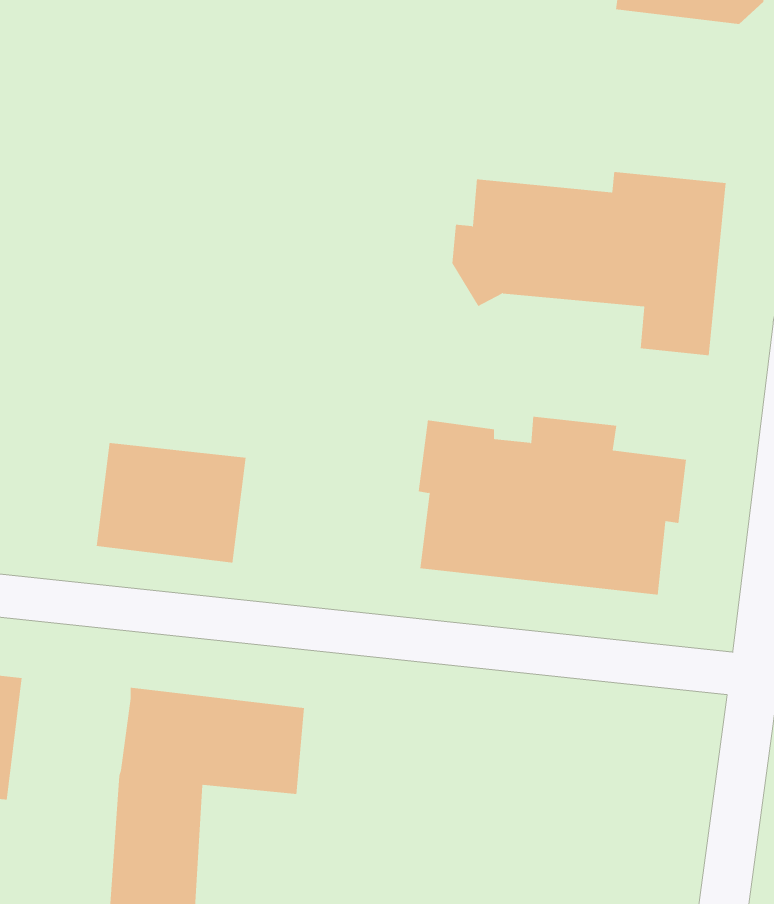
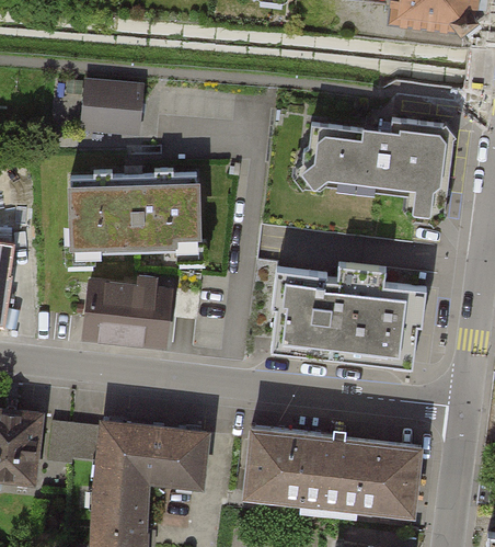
building: none -> [83,84,141,135]
building: none -> [64,180,207,264]
building: none -> [47,419,104,467]
building: none -> [246,425,421,514]

